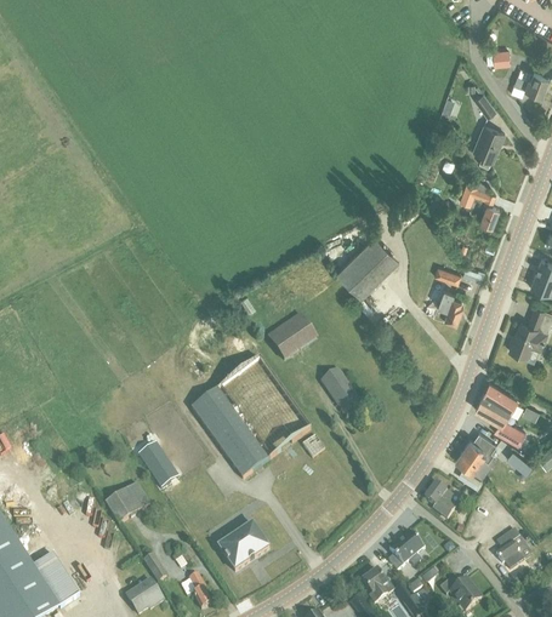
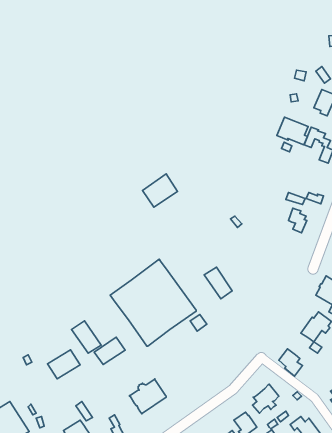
building: none -> [277,117,308,145]
building: [338,235,398,295] -> none
building: [268,313,317,359] -> [142,174,177,207]
building: none -> [94,337,125,364]

